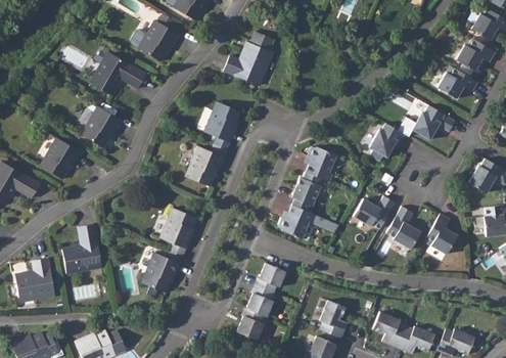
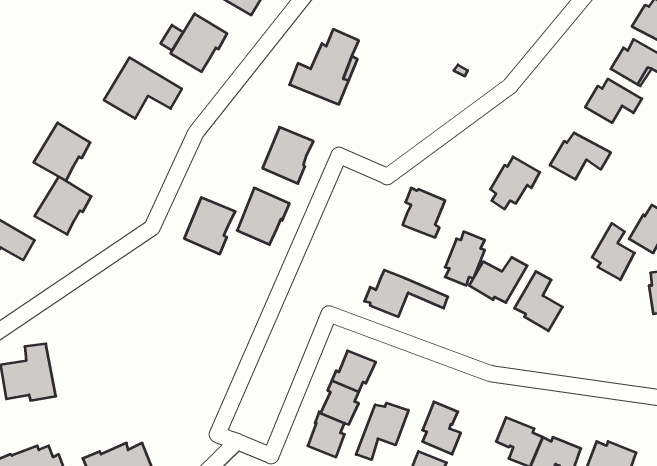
building: [81,105,122,147] -> [34,123,90,181]
building: [292,172,321,211] -> [445,232,485,285]
building: [160,208,197,249] -> [184,197,235,254]
building: [426,213,457,254] -> [592,223,635,280]
building: [62,223,102,273] -> none
building: [141,252,180,293] -> none
building: none -> [356,403,408,460]

